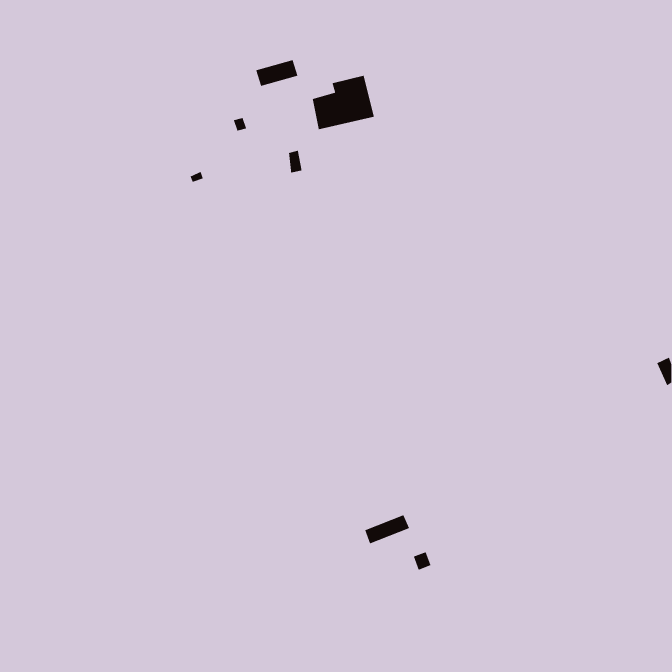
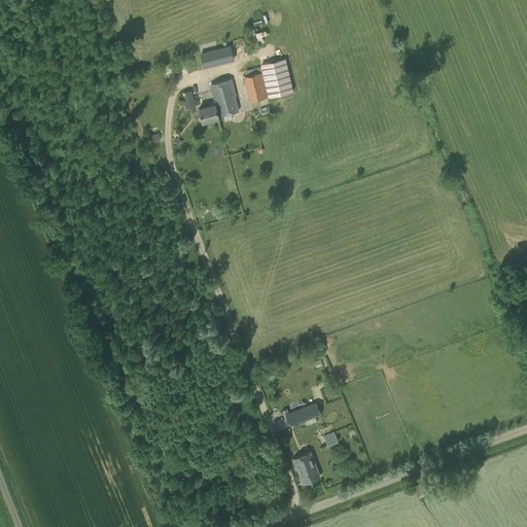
building: none -> [199,79,238,122]
building: none -> [293,452,319,483]

